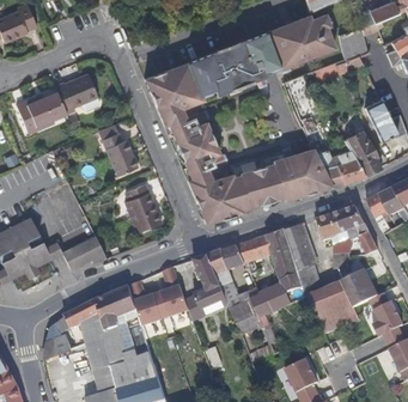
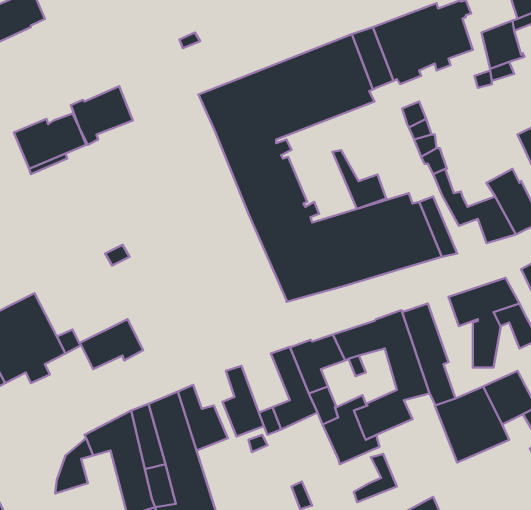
building: [99,132,138,176] -> none
building: [305,148,342,189] -> [333,150,386,209]
building: [123,183,160,233] -> none

